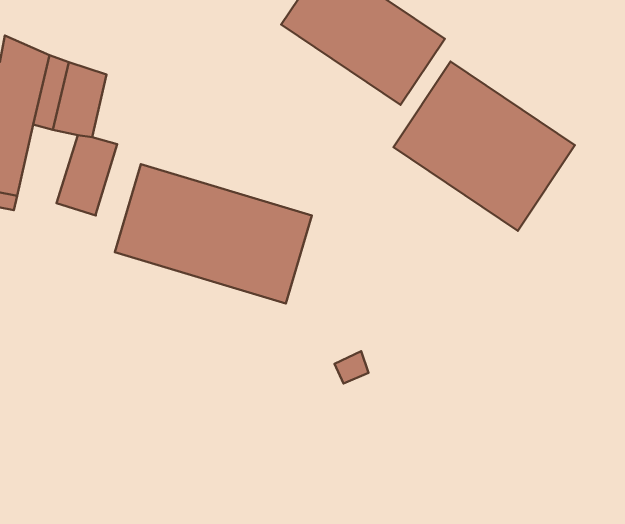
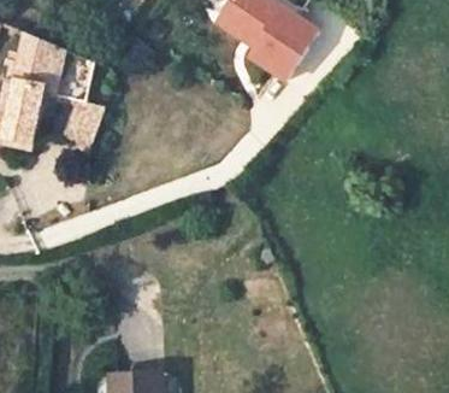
building: [393,62,575,231] -> none
building: [115,164,312,303] -> none

